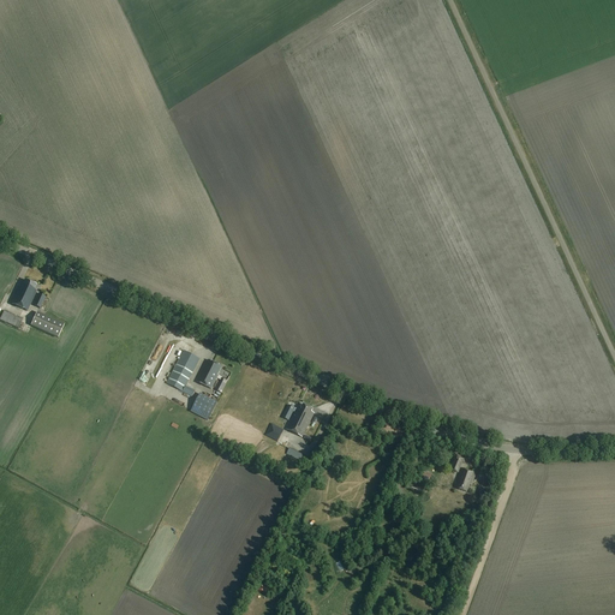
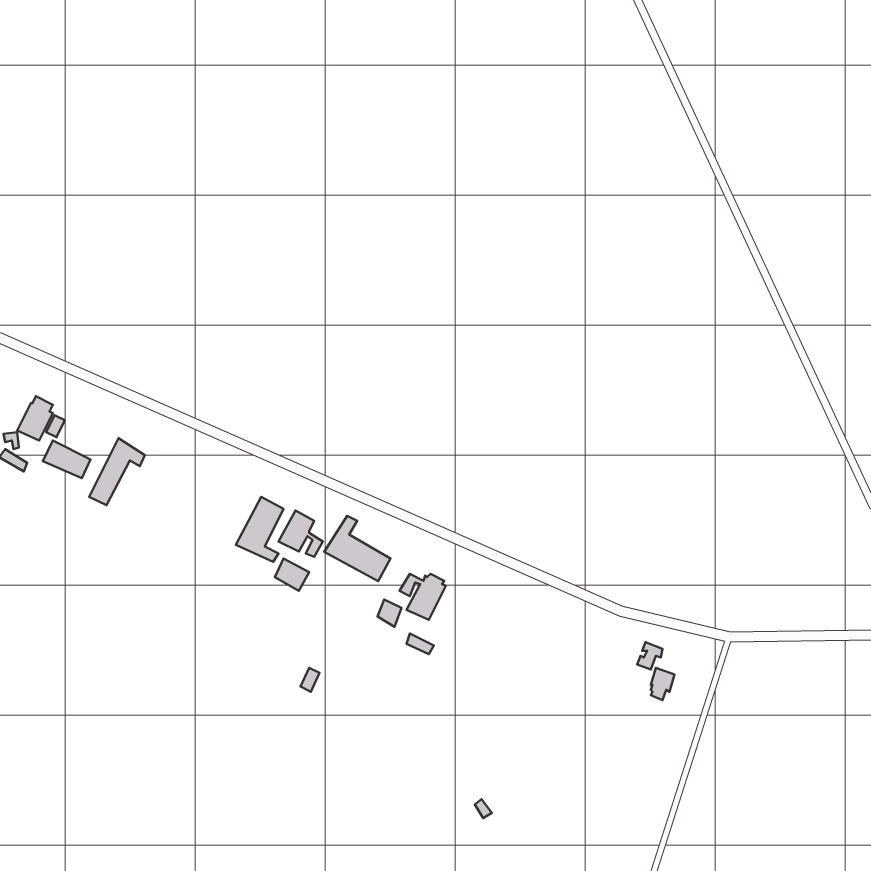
building: none -> [89,438,145,505]
building: none -> [324,516,390,581]

